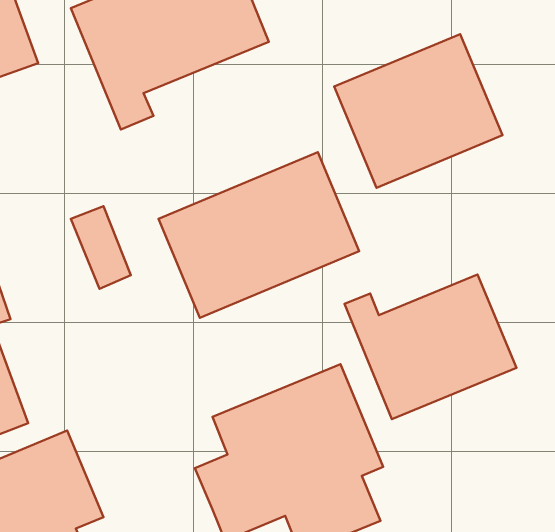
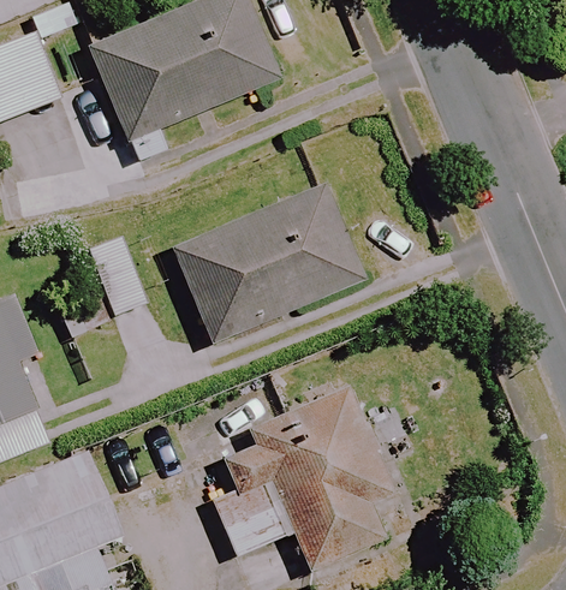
building: [334,34,502,188] -> none
building: [344,274,516,419] -> none

